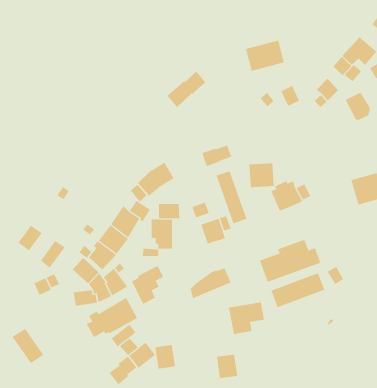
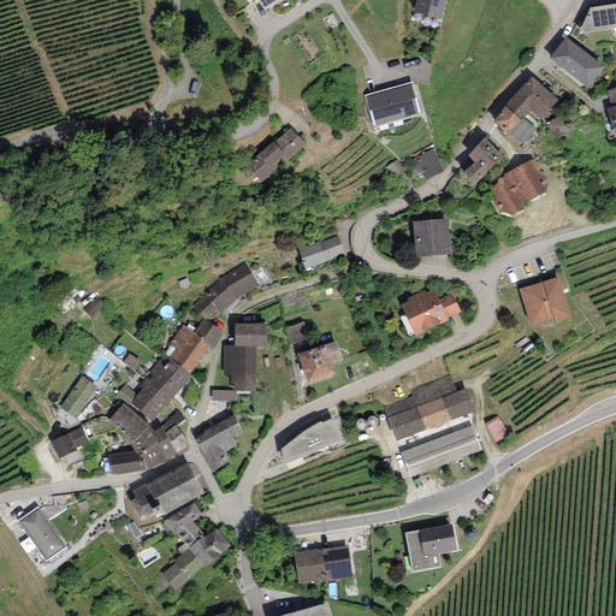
building: none -> [488,170,526,217]
building: [249,163,275,188] -> [413,218,451,255]
building: [216,170,247,224] -> none
building: [17,225,42,251] -> none
building: [228,302,265,335] -> [404,523,458,571]
building: [155,345,176,369] -> [294,549,325,585]

